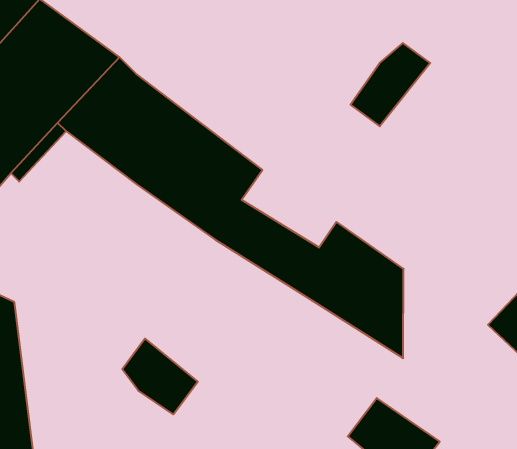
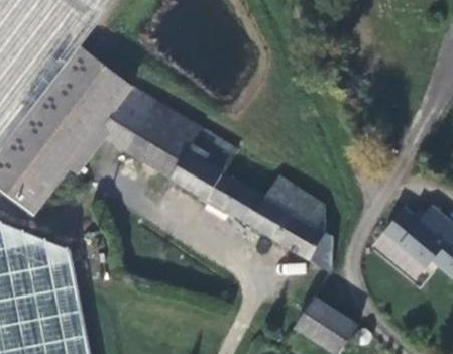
building: [351,43,430,126] -> none
building: [122,339,198,414] -> none

